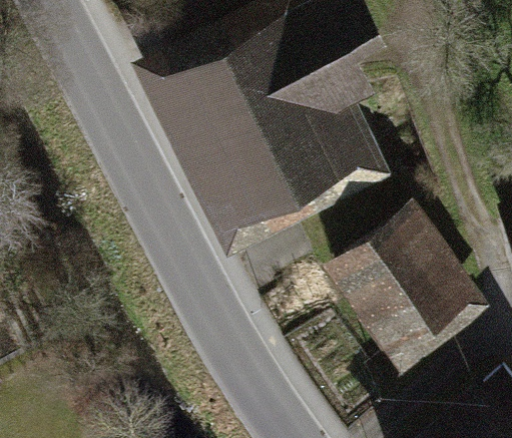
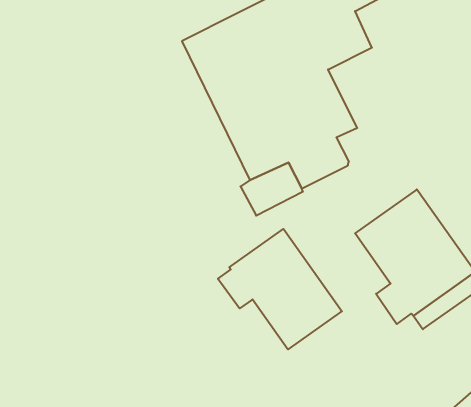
building: none -> [218,229,342,349]

